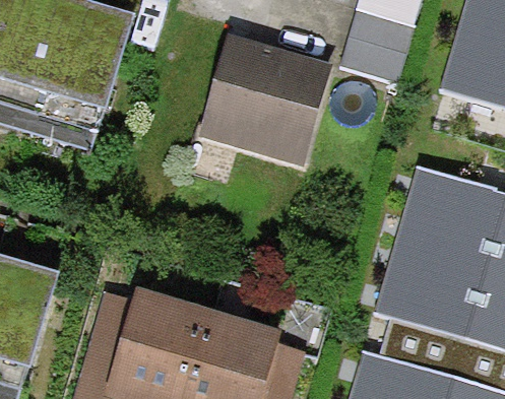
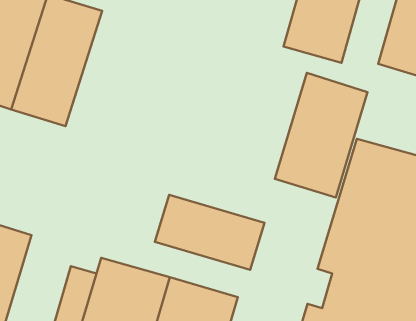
building: [194,49,326,169] -> none
building: none -> [275,73,367,197]
building: none -> [155,195,265,270]

